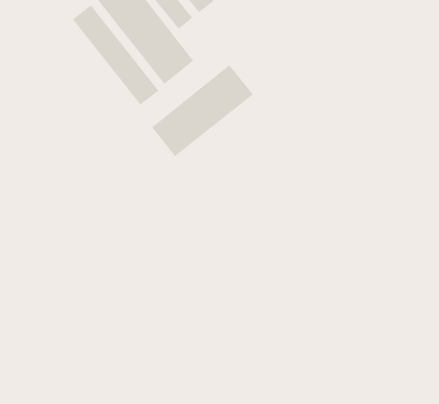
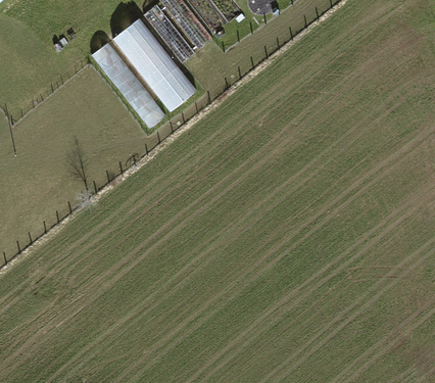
building: [151,64,254,157] -> none

